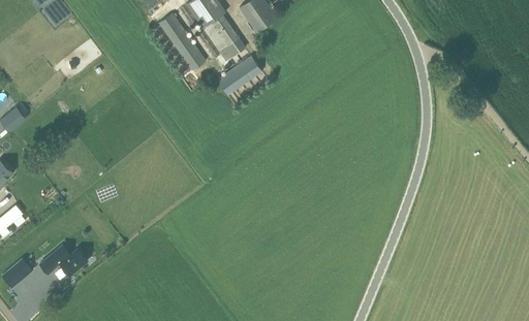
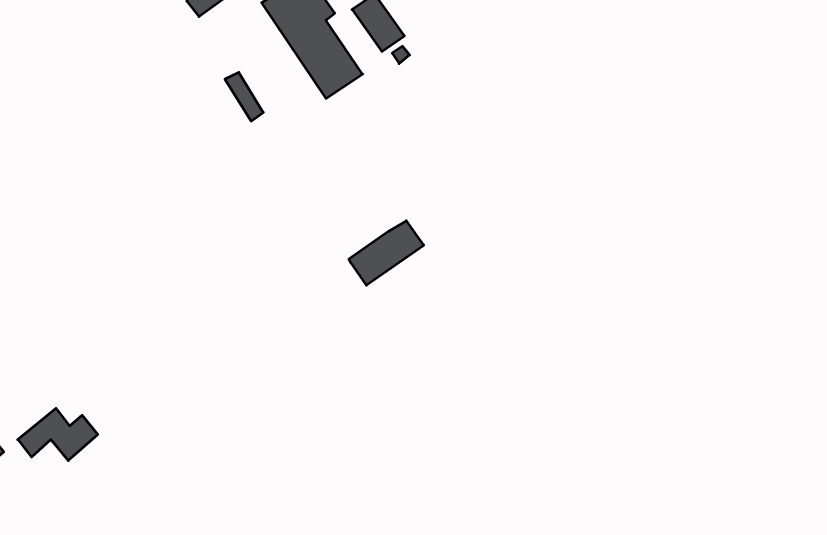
building: [158,12,205,69] -> none
building: [217,56,261,94] -> [349,221,424,285]

